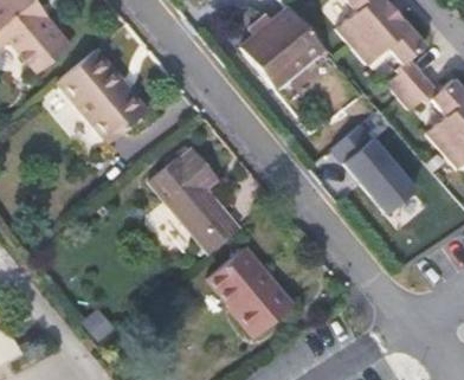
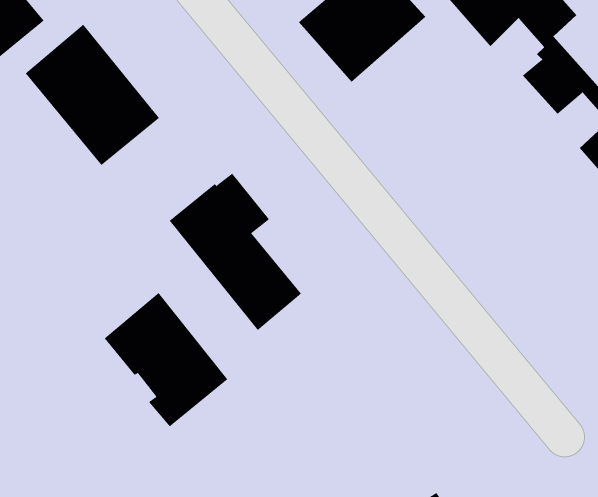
building: [334,120,420,212] -> none
building: [210,249,292,339] -> [104,292,228,427]

